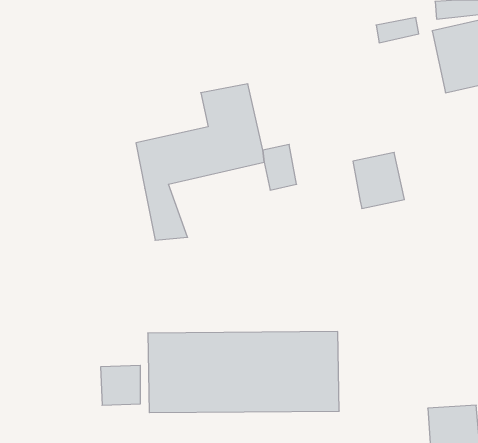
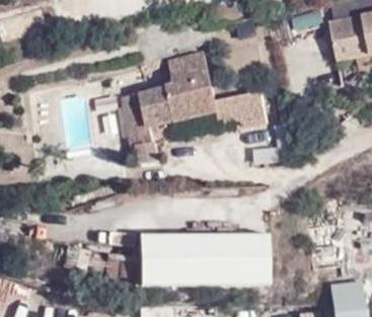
building: [353,152,404,208] -> [232,93,268,132]

